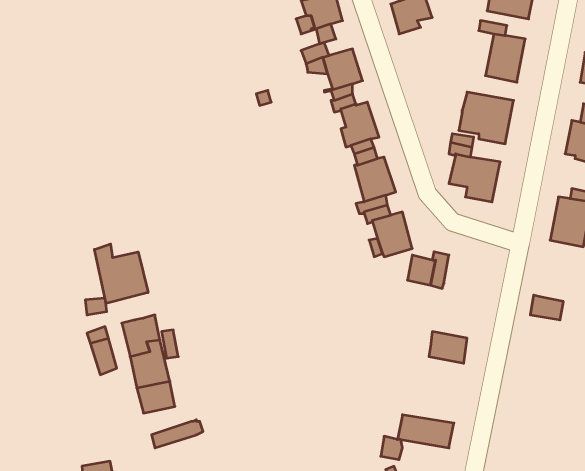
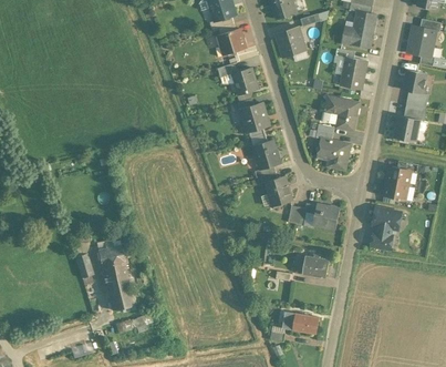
building: [94,244,148,303] -> none
building: none -> [313,204,340,228]
building: none -> [373,207,402,235]

